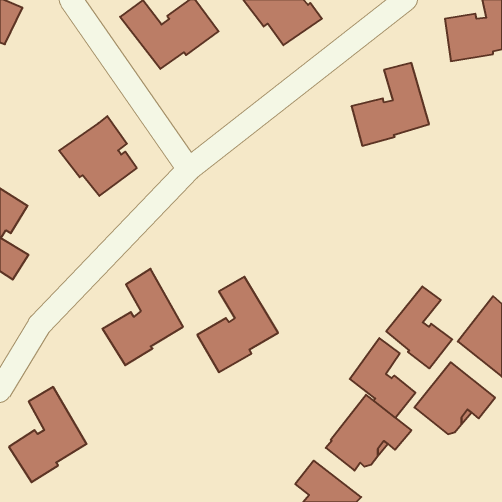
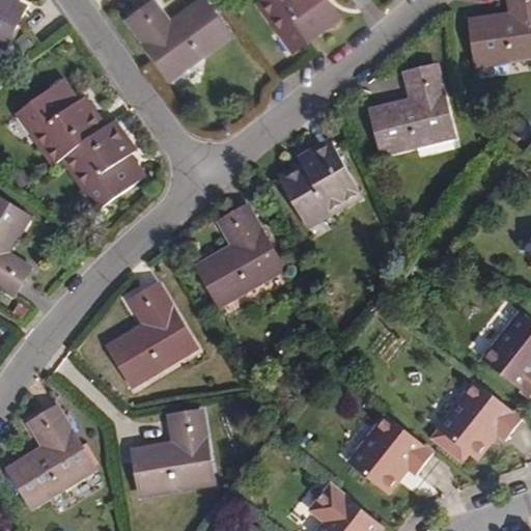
building: none -> [21,81,104,164]
building: none -> [279,139,360,222]
building: [197,277,278,372] -> [197,205,282,306]
building: [386,286,452,368] -> none
building: [350,338,415,418] -> none
building: none -> [136,409,214,495]

